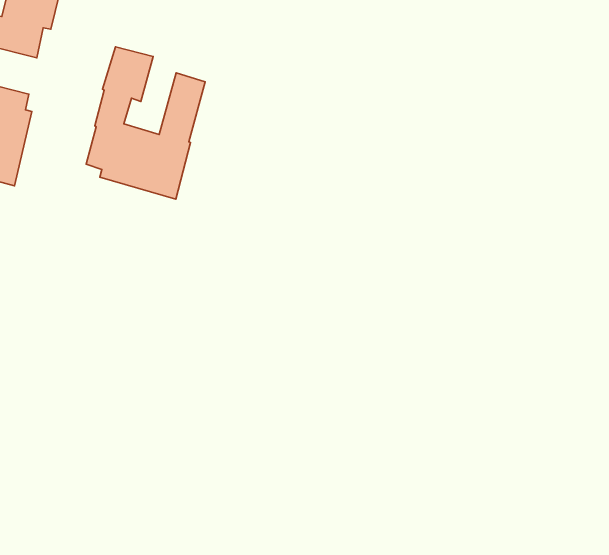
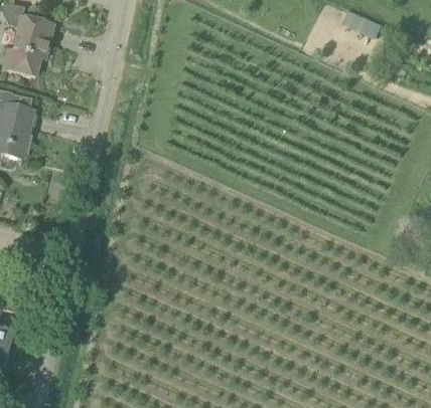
building: [86,47,205,199] -> none

